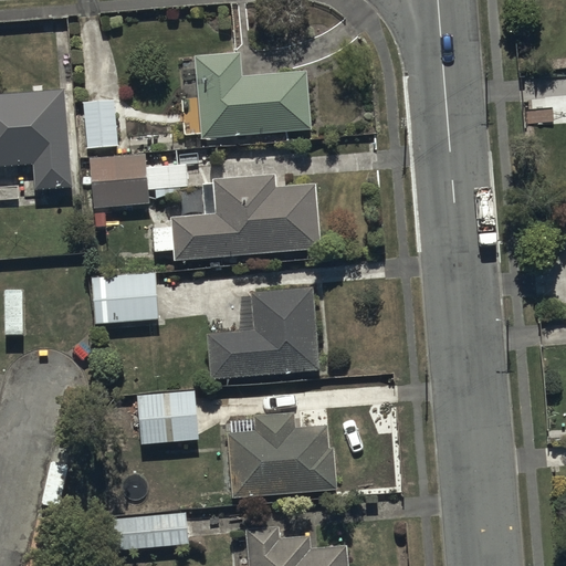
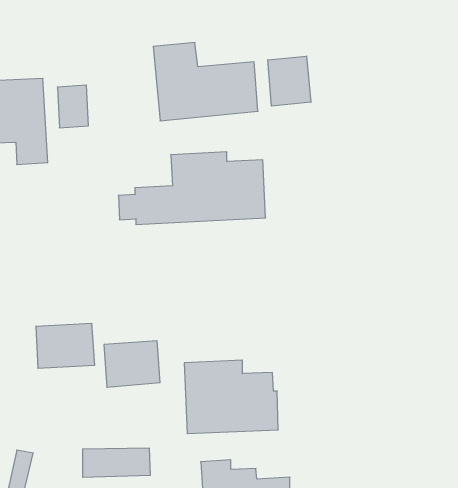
building: none -> [268,56,311,106]
building: [88,154,187,209] -> none
building: [91,272,158,323] -> [36,324,95,368]
building: [206,284,319,377] -> none

